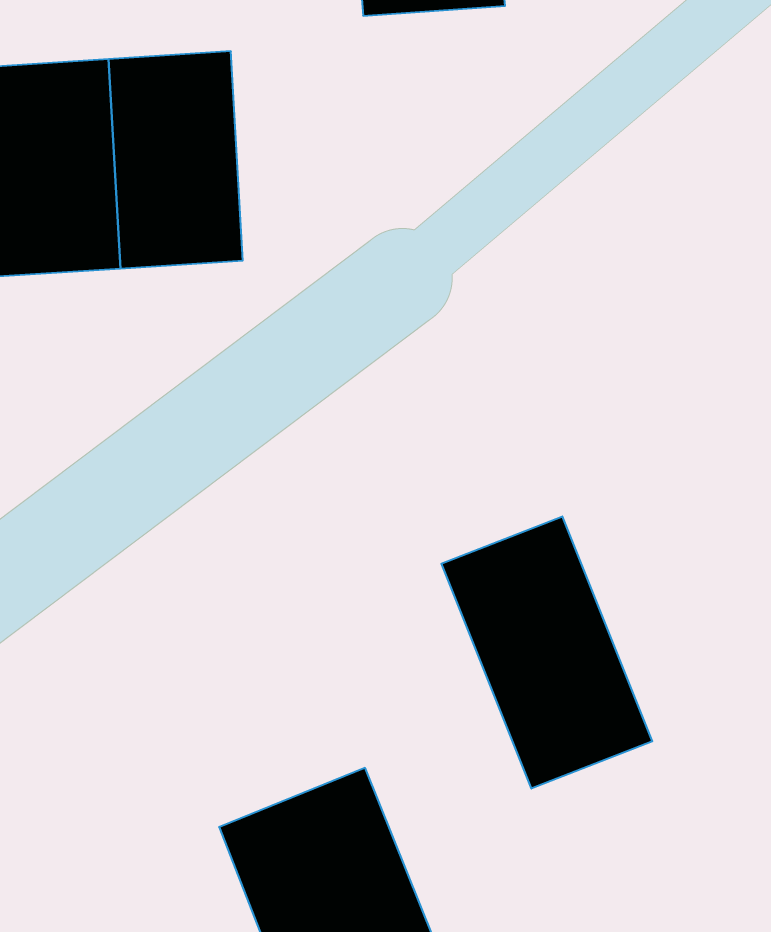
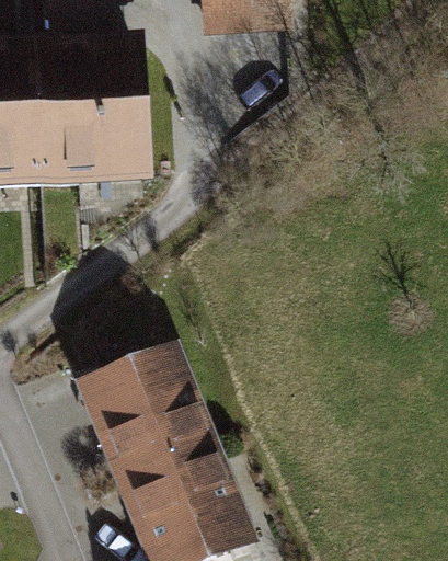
building: [441,516,652,789] -> none
building: none -> [77,364,214,491]

